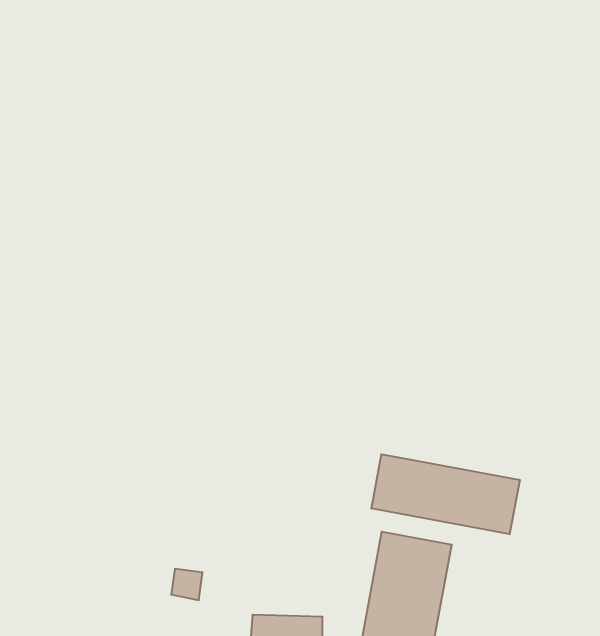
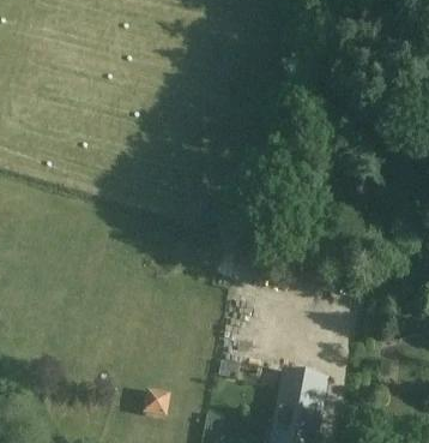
building: [371,454,520,534] -> none

